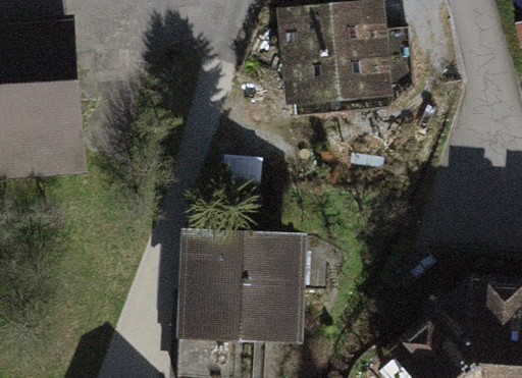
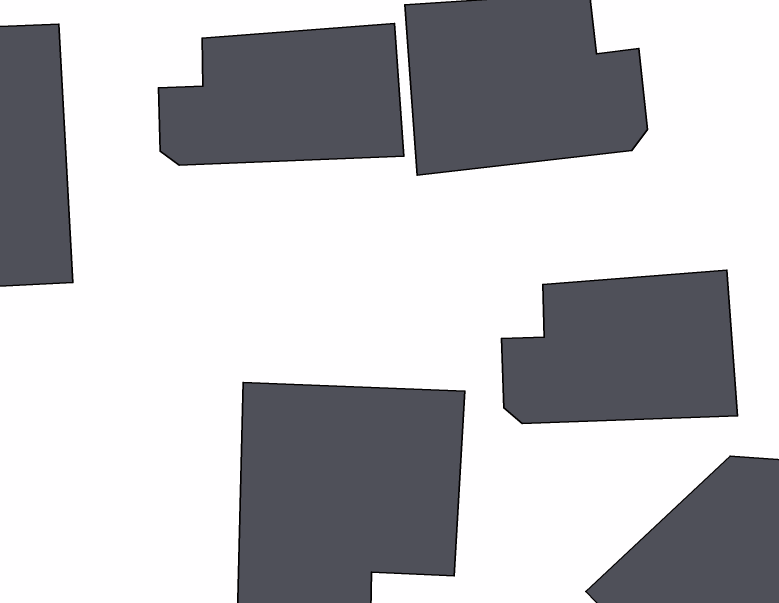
building: none -> [159,23,404,165]
building: none -> [502,270,737,424]

